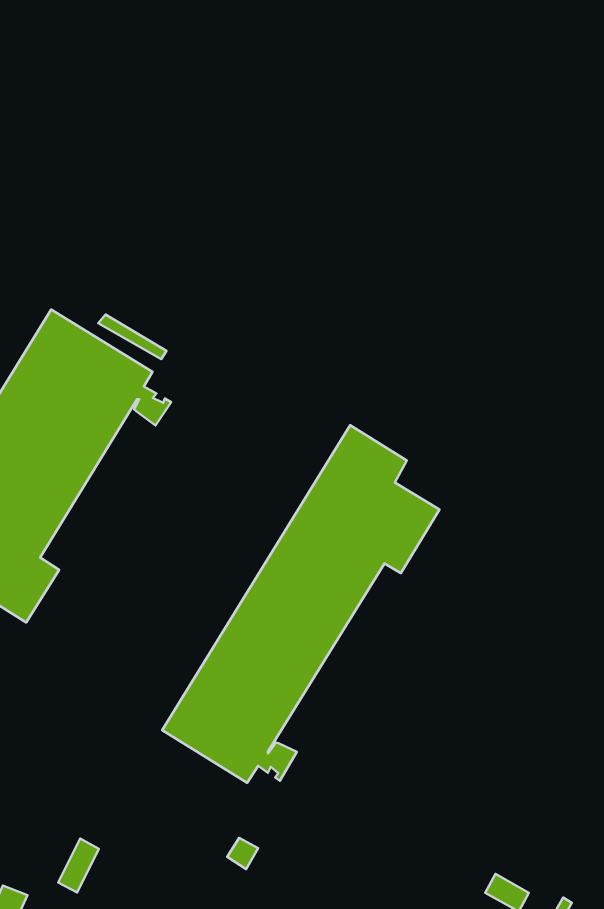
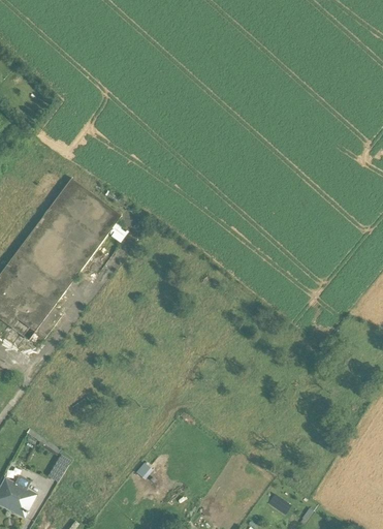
building: [162,425,440,783] -> none

